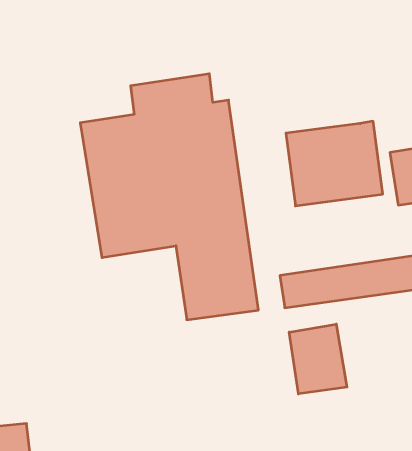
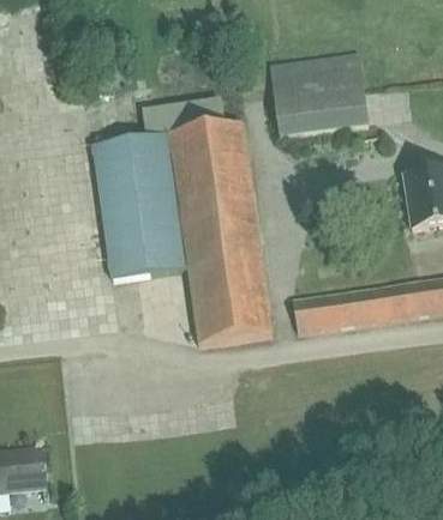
building: [286,121,383,206] -> [270,52,367,137]
building: [289,324,347,394] -> none

